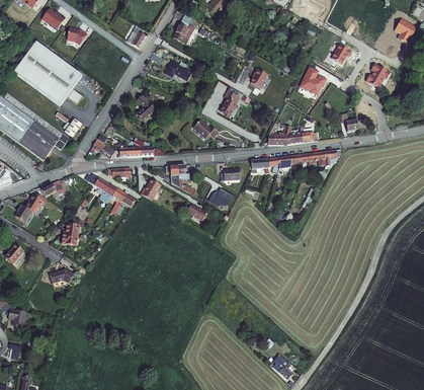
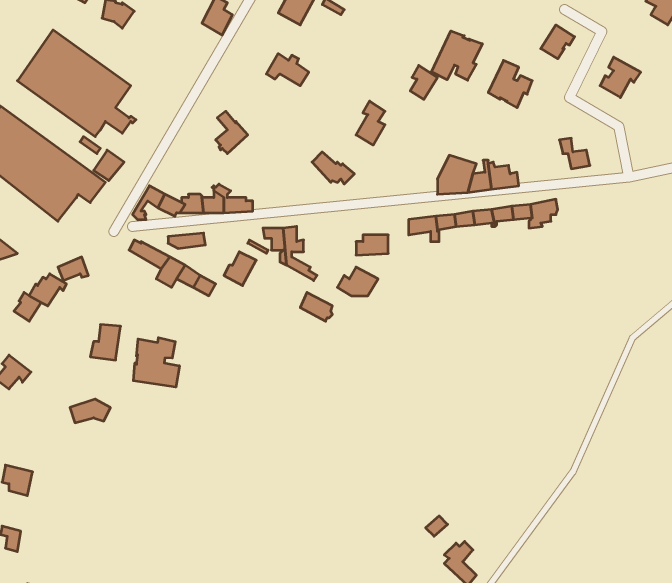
building: none -> [432,31,482,80]
building: none -> [133,338,179,387]

